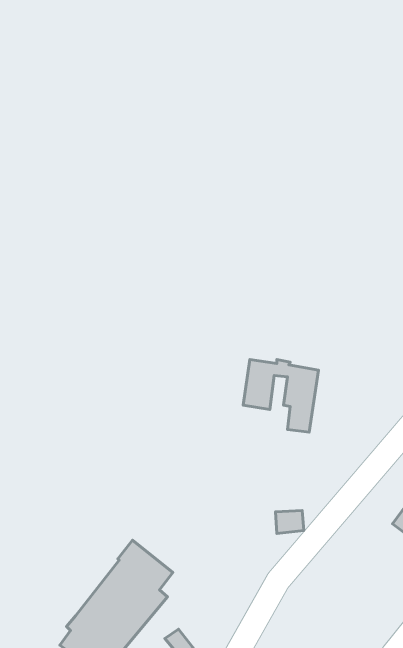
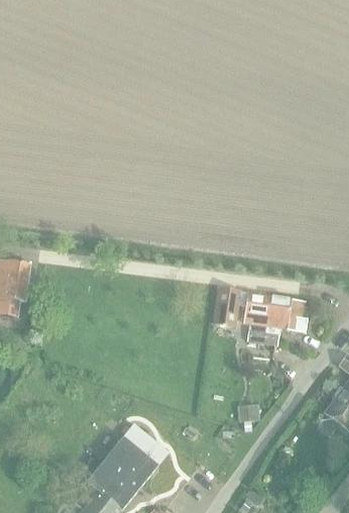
building: none -> [262,298,307,346]

